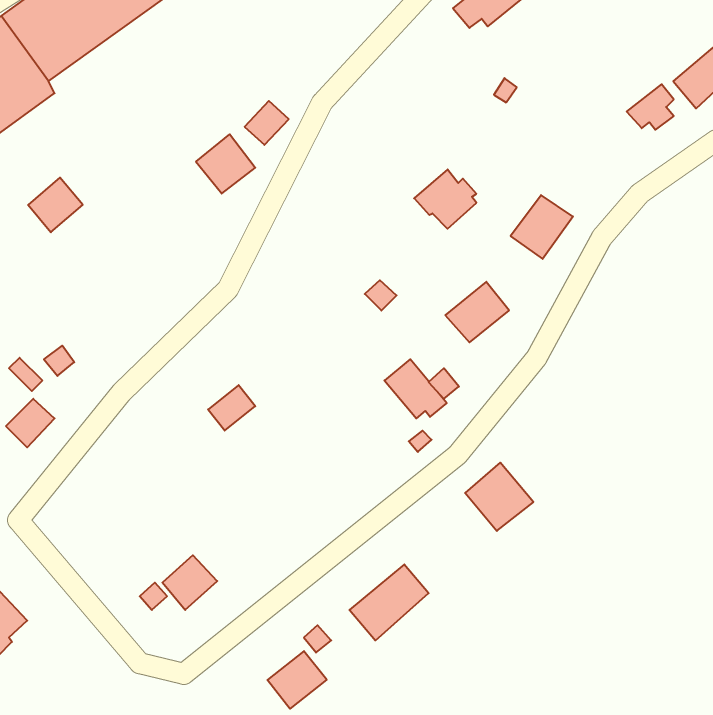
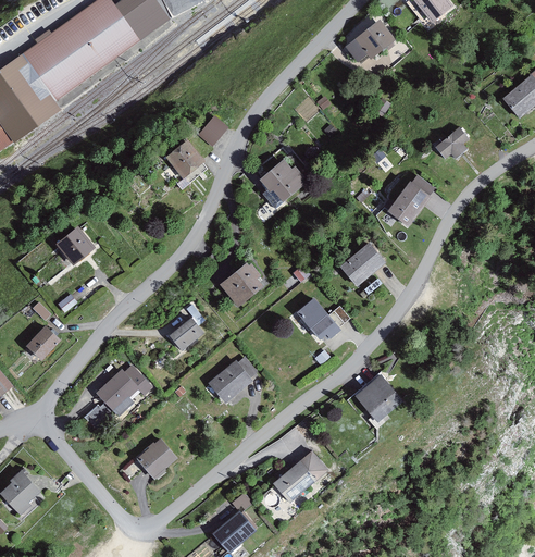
building: [627,84,674,130] -> [434,127,468,160]
building: [414,169,476,229] -> [259,161,303,203]
building: [28,178,83,232] -> [55,227,95,267]
building: none -> [217,253,268,304]
building: none -> [207,357,257,403]
building: none -> [96,366,152,418]

